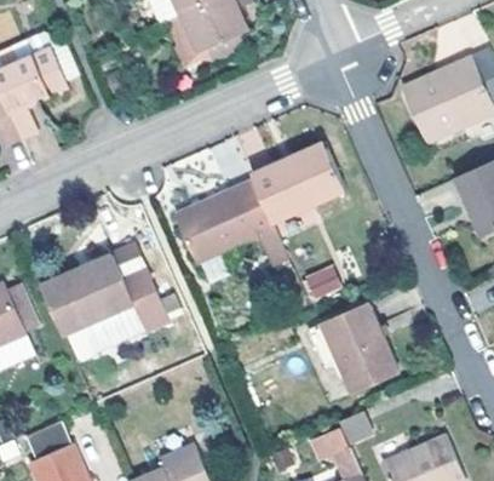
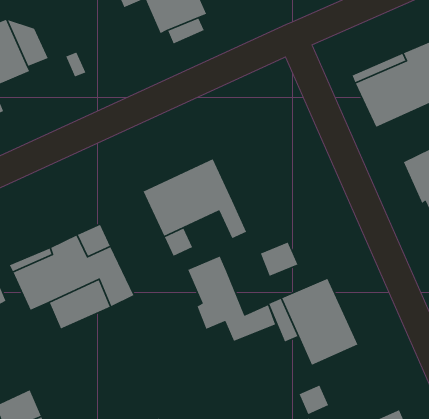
building: [248,139,344,221] -> none
building: none -> [187,256,276,342]

